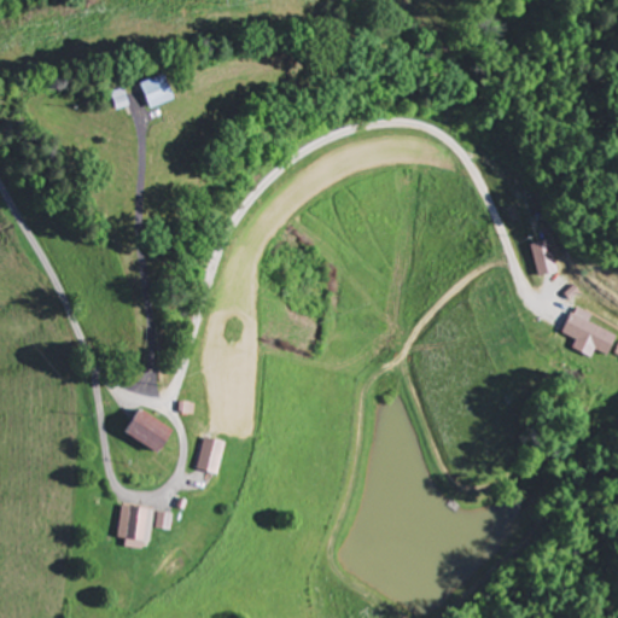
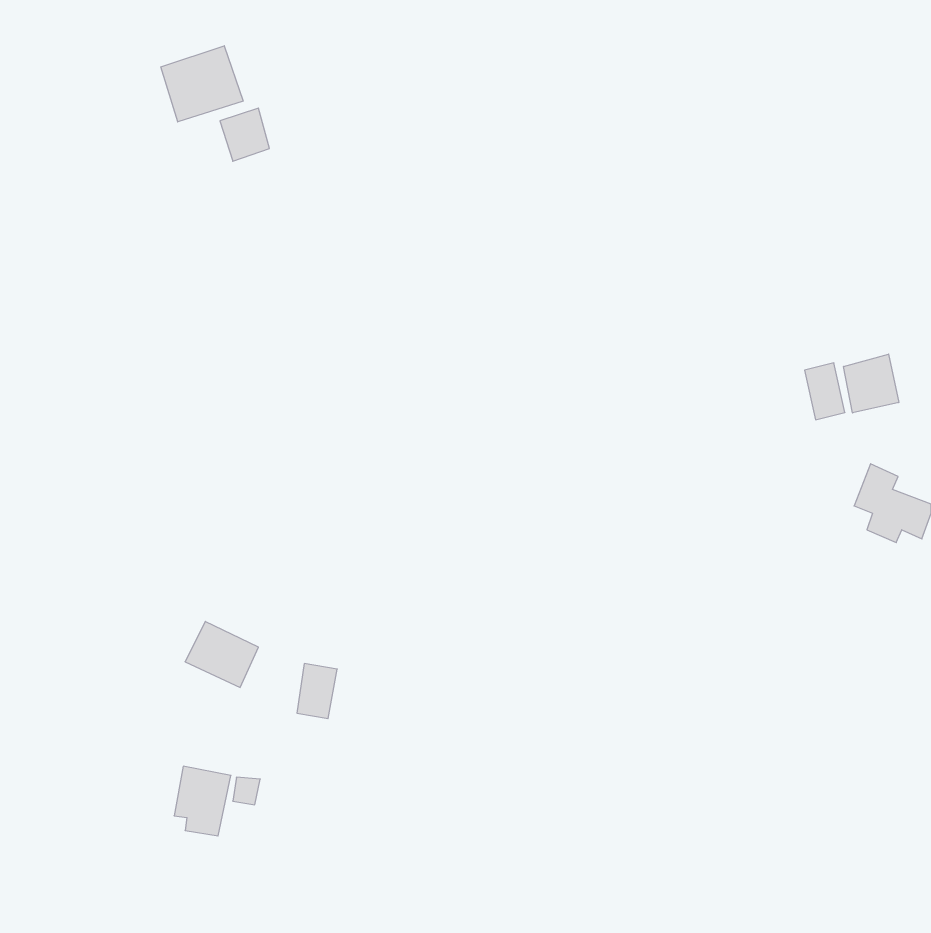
building: none -> [161,46,243,122]
building: none -> [844,354,899,413]

